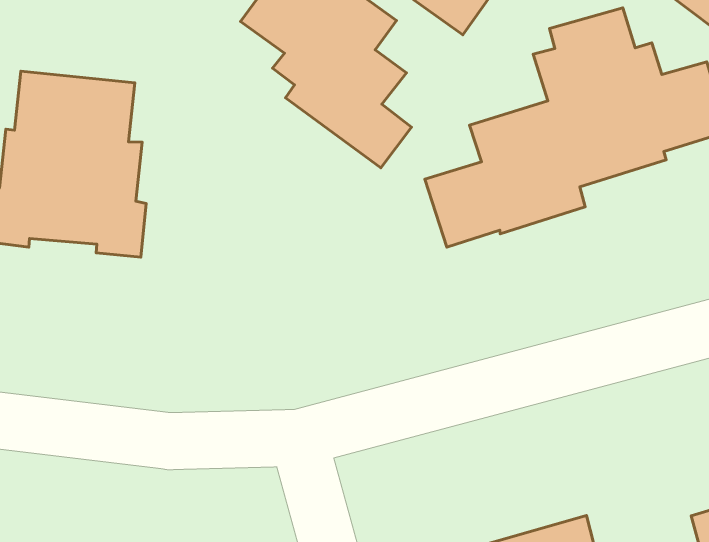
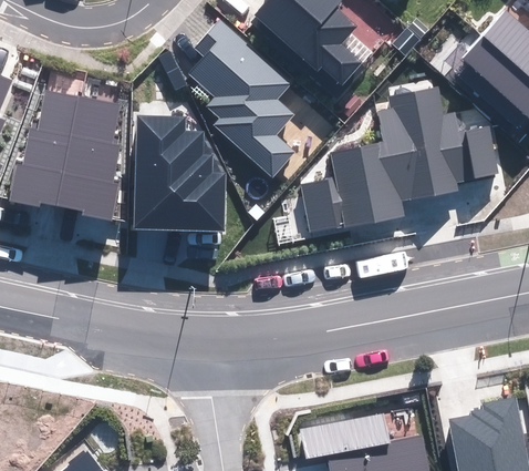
building: none -> [135,116,226,231]

